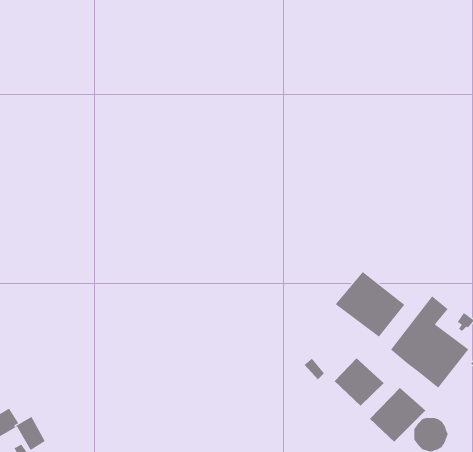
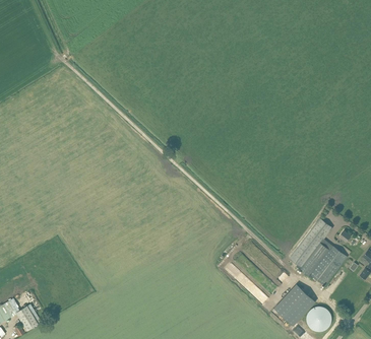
building: [335,271,405,338] -> none
building: [334,358,384,407] -> none

